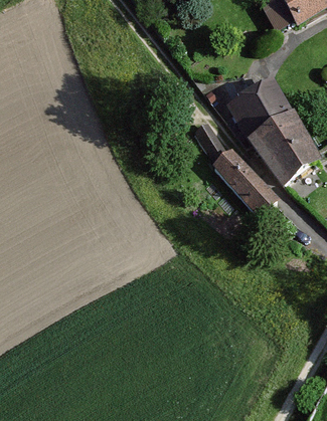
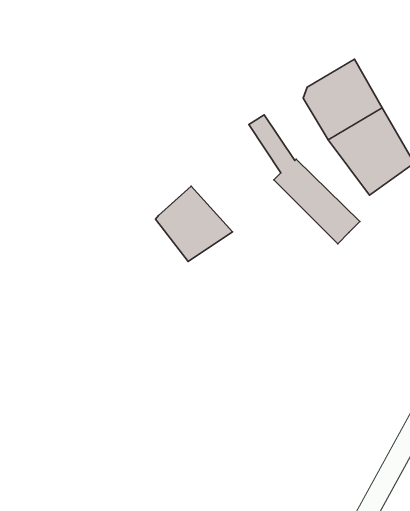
building: none -> [155,186,232,261]

